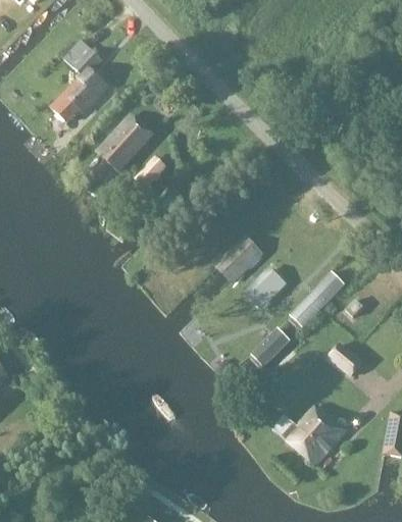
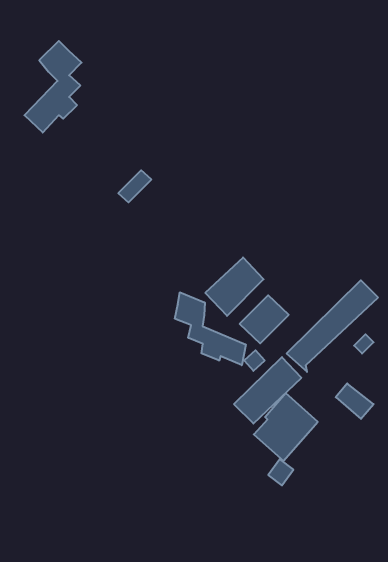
building: [97,109,158,172] -> none
building: none -> [175,292,246,365]
building: [290,405,347,465] -> [254,393,318,461]

